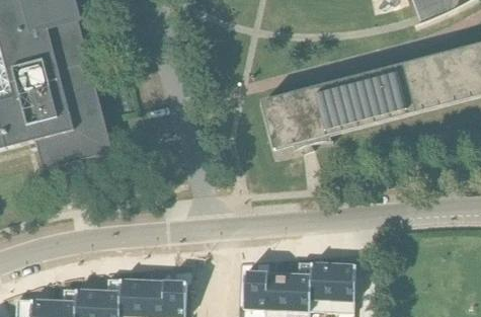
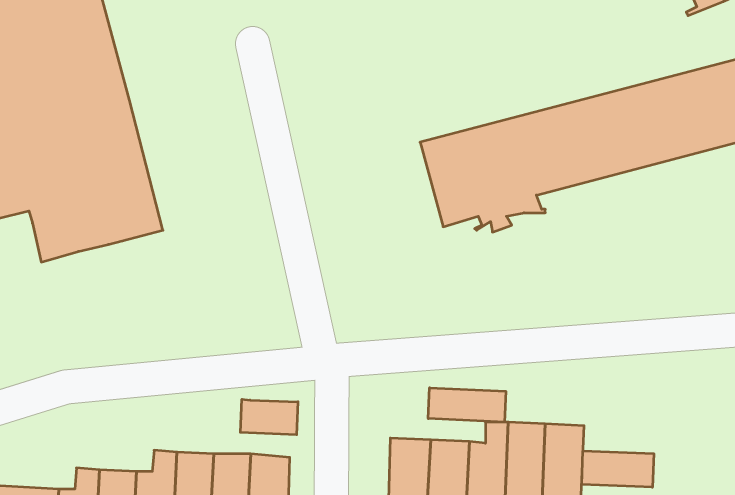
building: none -> [428,388,506,422]
building: none -> [240,399,298,435]
building: none -> [582,451,654,487]

